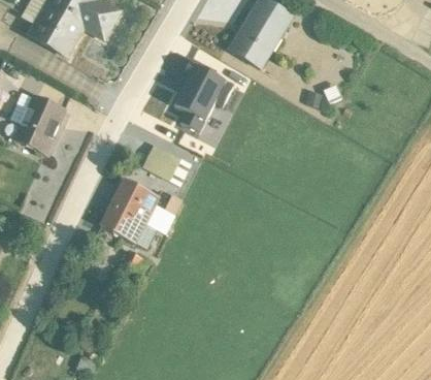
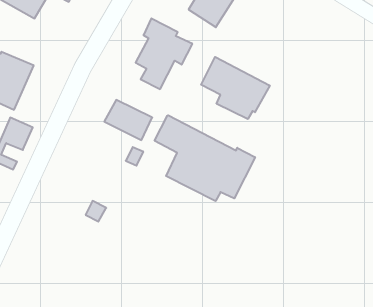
building: none -> [201,57,270,119]
building: none -> [155,115,255,201]
building: [100,178,159,247] -> none

